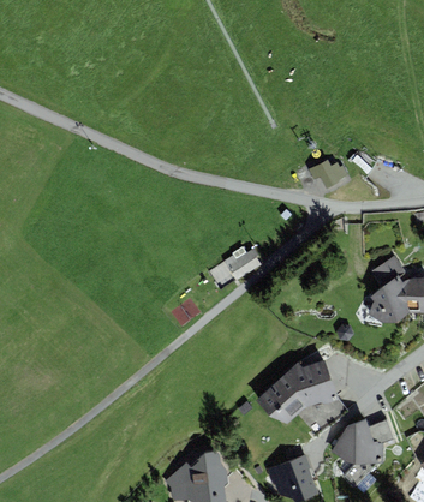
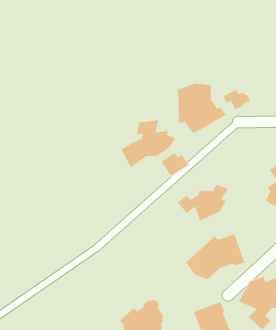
building: none -> [178,83,226,134]
building: none -> [120,120,176,168]
building: none -> [177,184,229,222]

